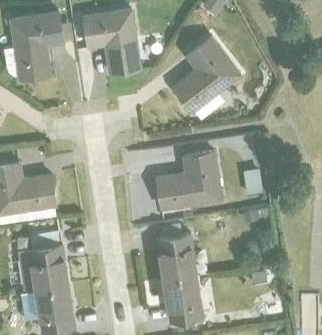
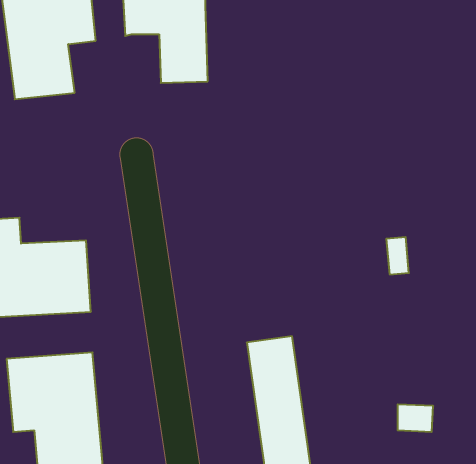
building: [173,30,243,109] -> none
building: [156,146,223,210] -> none

